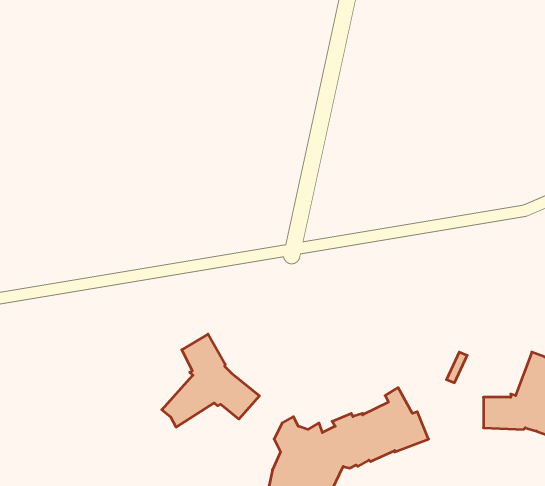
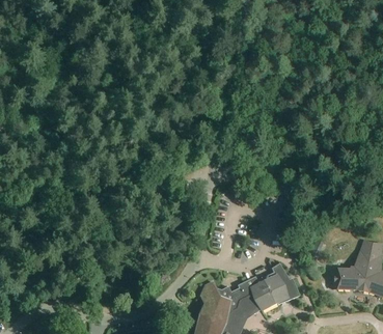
building: [162,334,259,427] -> none

